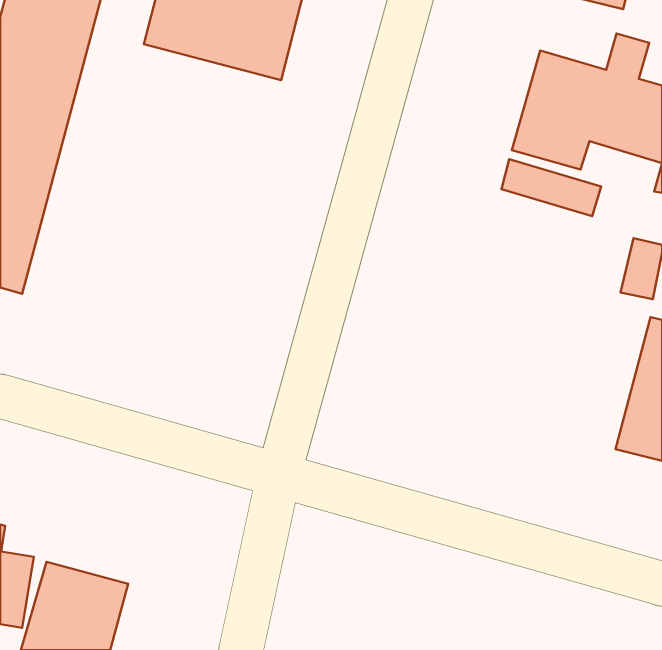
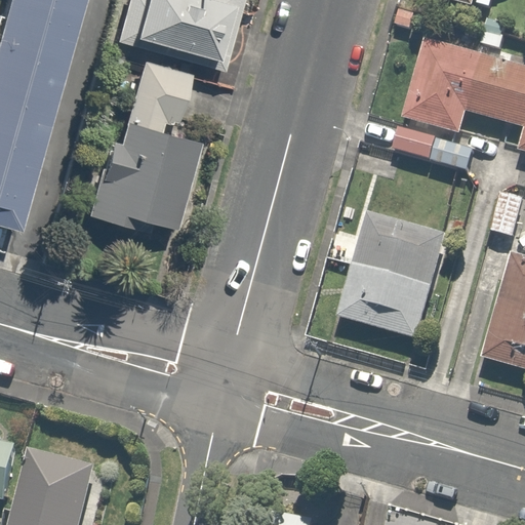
building: none -> [85,56,199,228]
building: none -> [341,212,453,341]

